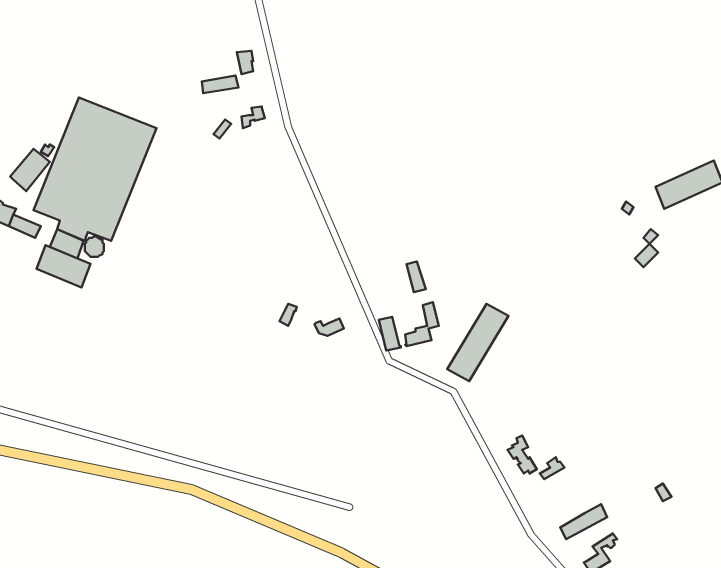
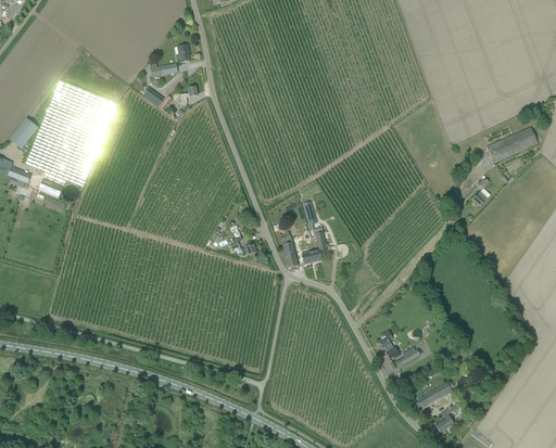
building: [36,245,91,288] -> none
building: [447,304,508,381] -> none

